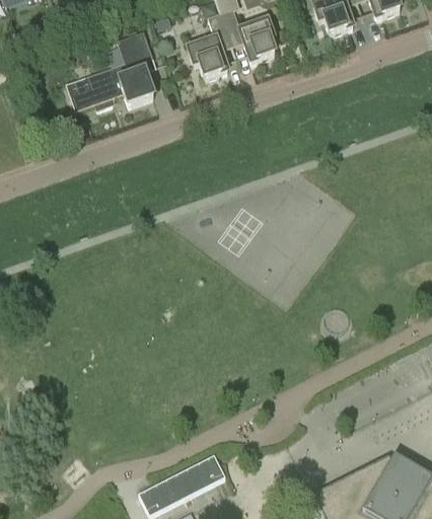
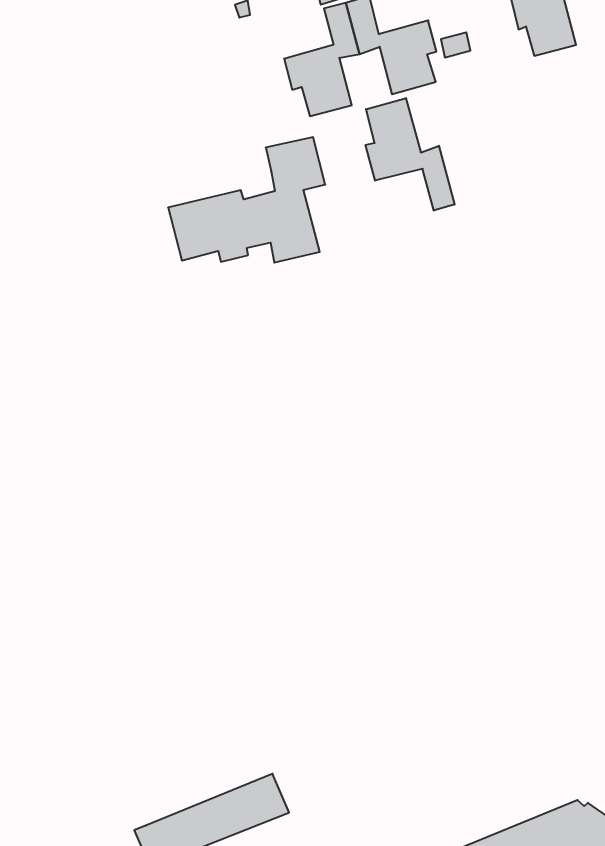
building: [65,33,153,109] -> [168,137,325,263]
building: none -> [366,98,455,211]

